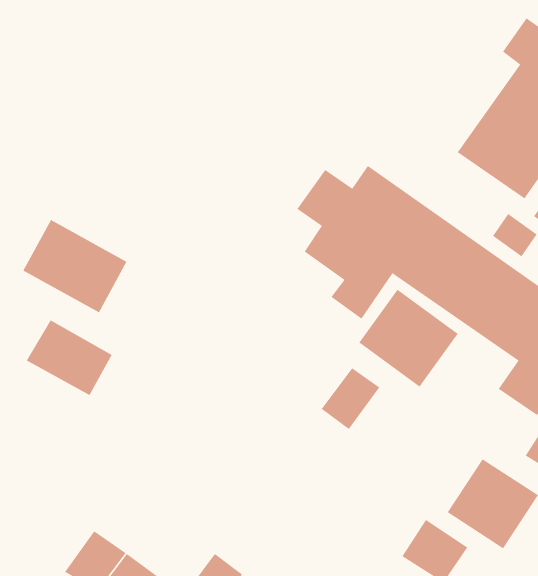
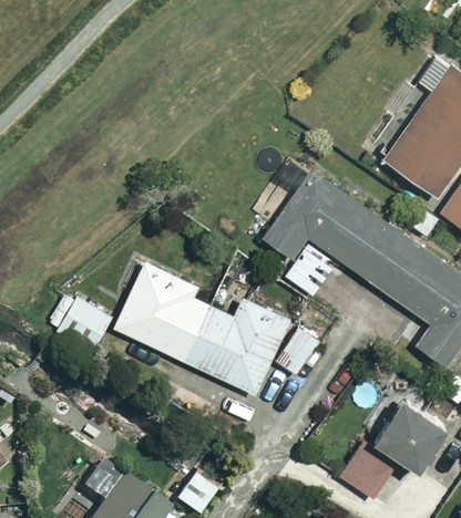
building: [23,219,127,313] -> none
building: none -> [115,262,290,395]
building: [359,289,459,388] -> none

